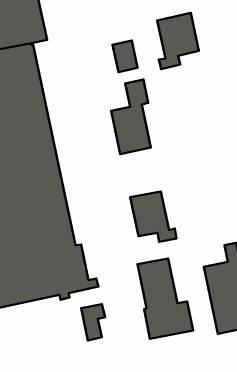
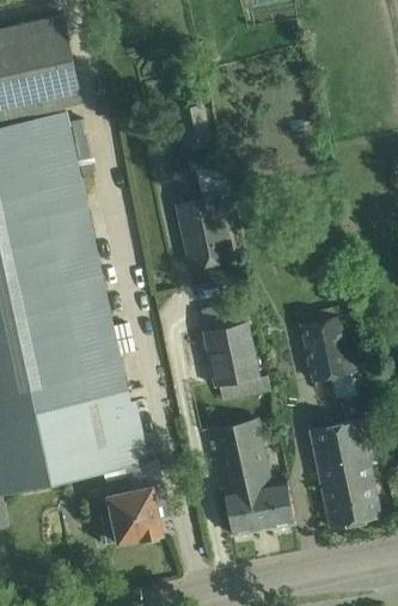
building: [157,13,199,69] -> none
building: none -> [301,317,351,382]
building: none -> [96,476,142,545]

